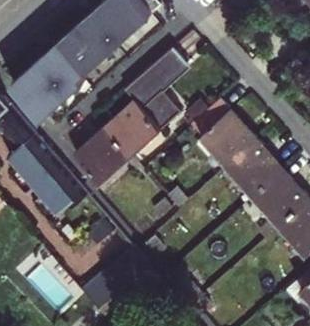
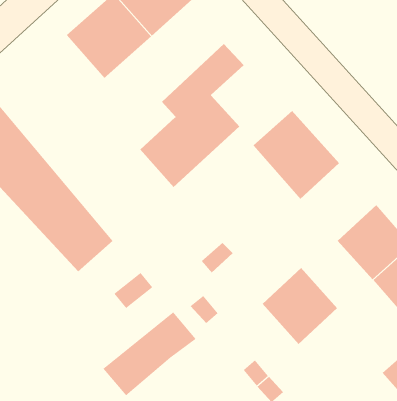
building: [9,45,83,120] -> none
building: [75,129,131,185] -> none
building: [224,139,280,196] -> [262,267,338,345]

